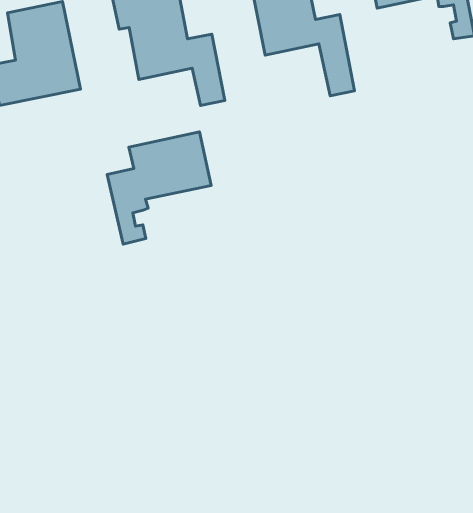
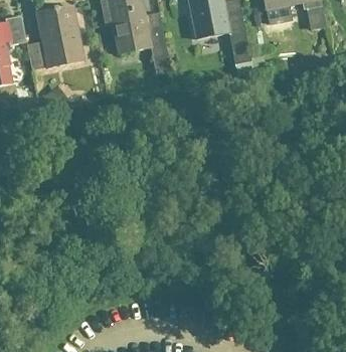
building: [107,132,211,244] -> none

